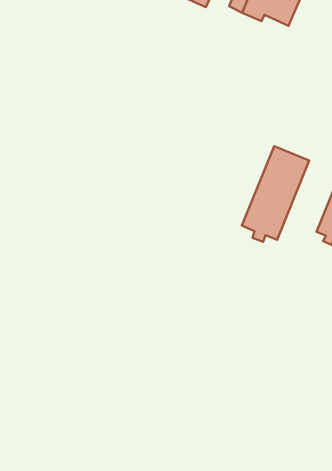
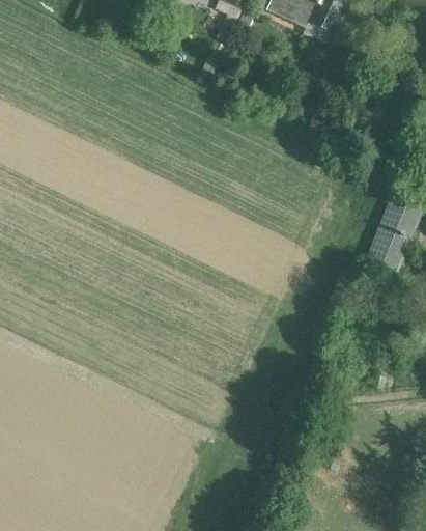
building: [242,146,309,242] -> none

